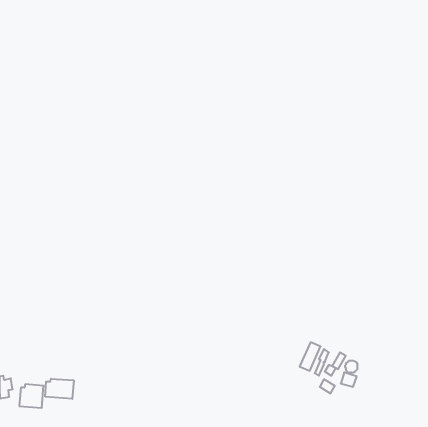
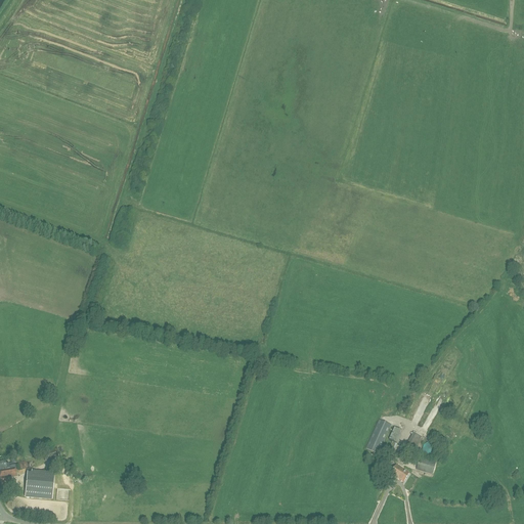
building: [45,379,74,399] -> none

